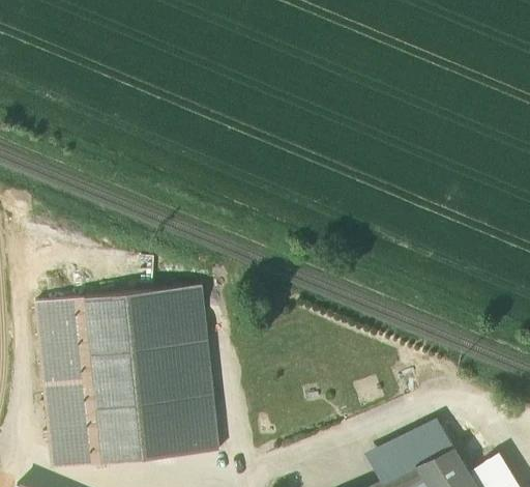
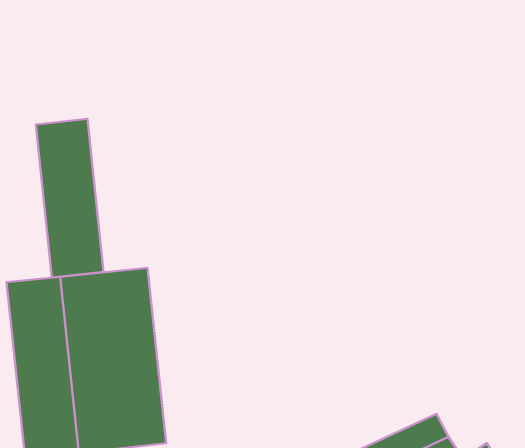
building: none -> [36,119,104,278]
building: [169,285,219,455] -> none

